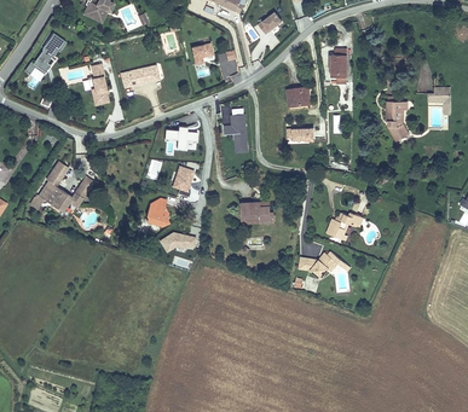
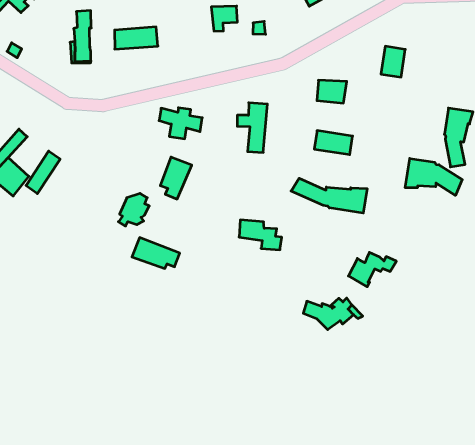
building: none -> [405,158,462,195]
building: none -> [291,178,367,213]

